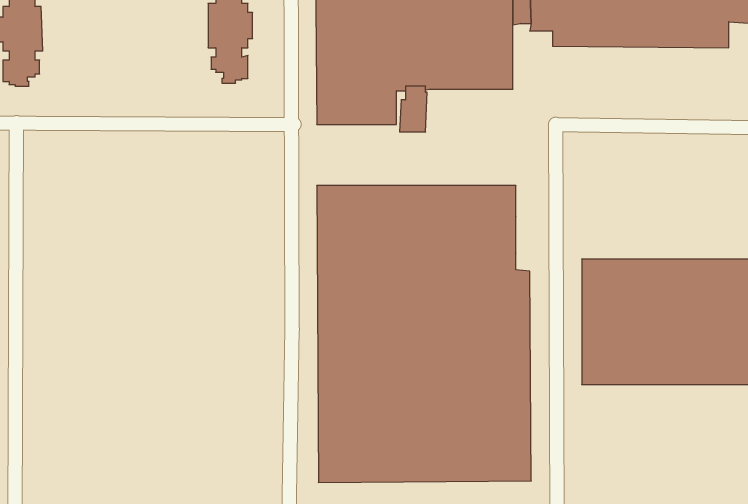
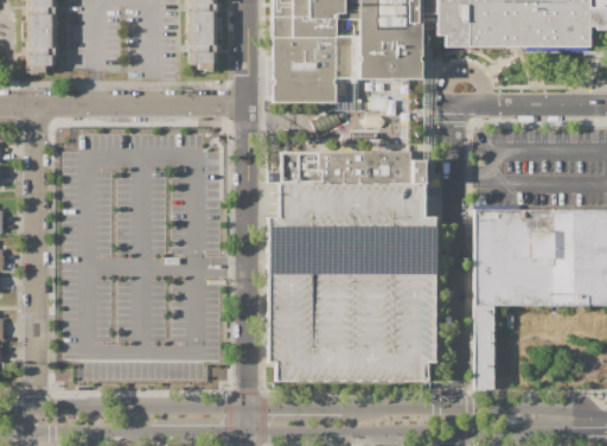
building: none -> [474,306,494,387]

